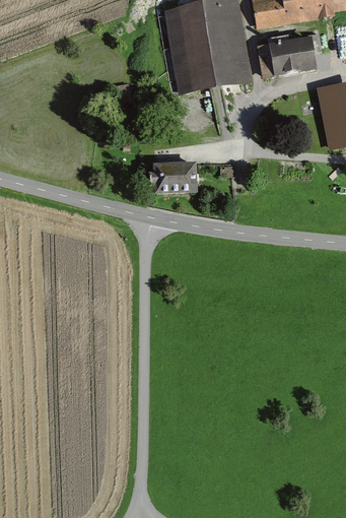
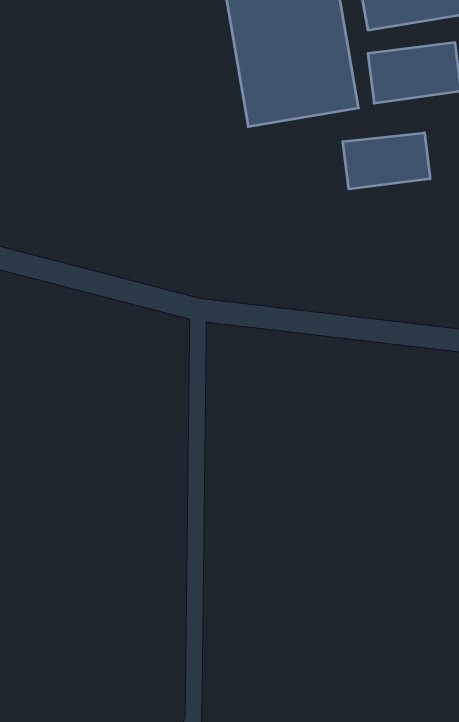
building: none -> [343,133,430,189]
building: [153,160,198,193] -> none

